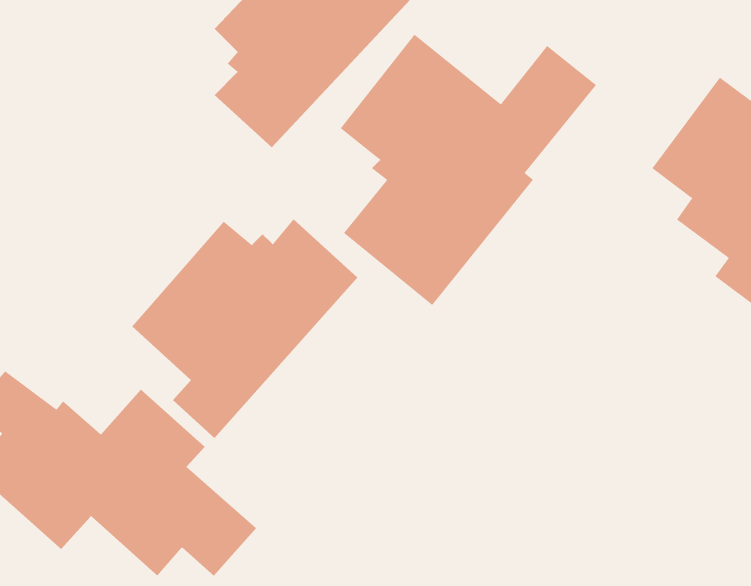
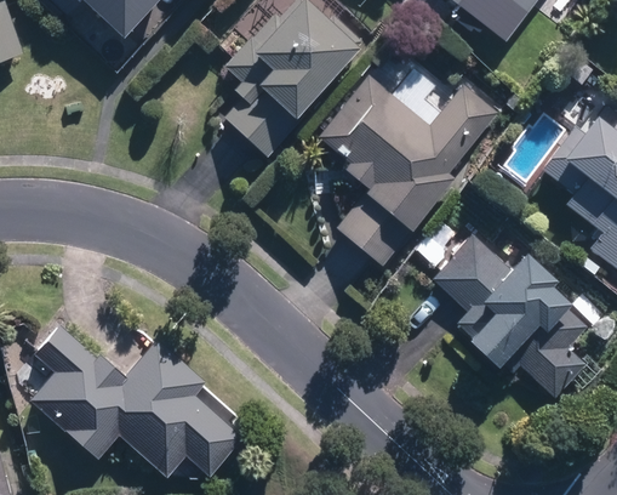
building: [131,219,358,439] -> none
building: none -> [417,218,587,396]

